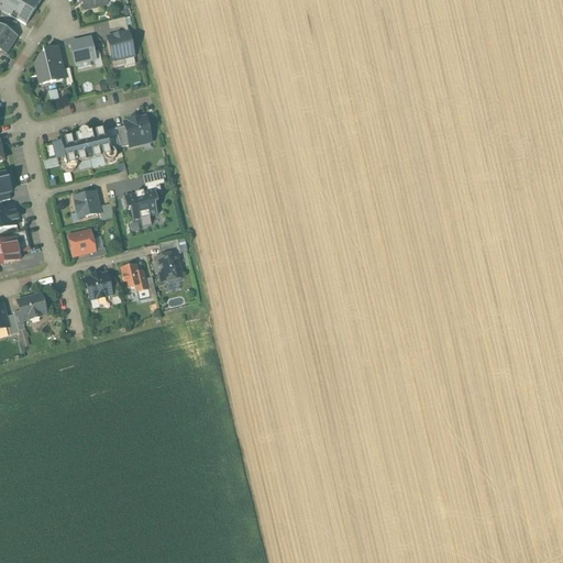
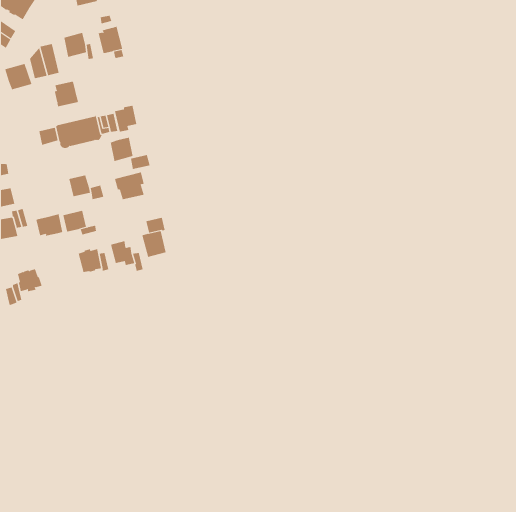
building: none -> [5,63,32,90]
building: none -> [54,81,79,107]
building: none -> [110,137,133,162]
building: none -> [36,213,63,237]

